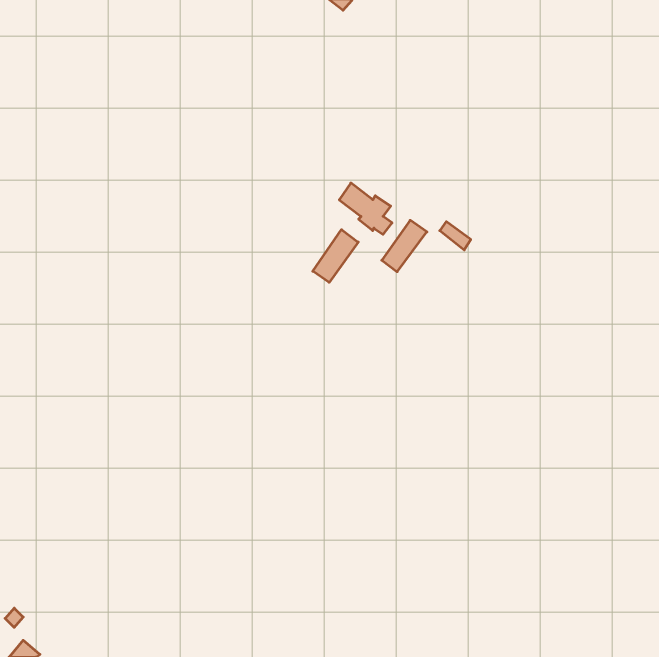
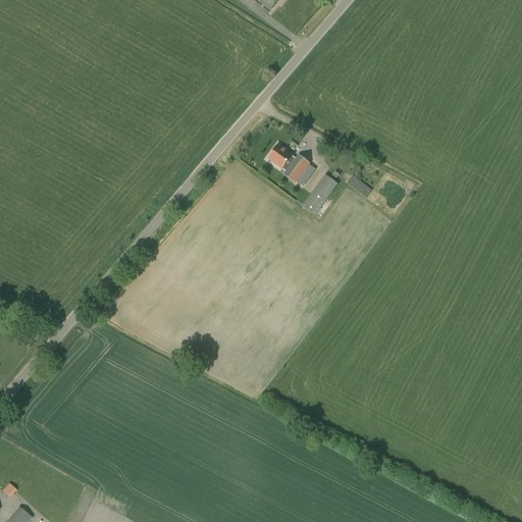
building: [313,230,358,282] -> none

